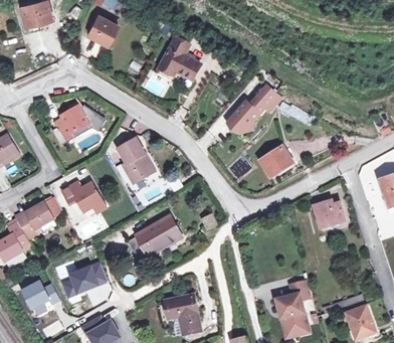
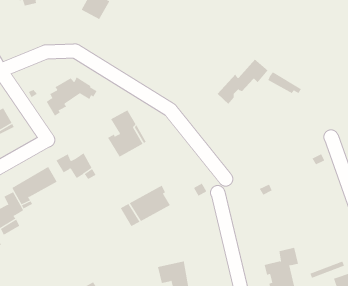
building: [158,38,199,79] -> none
building: [259,147,290,176] -> none
building: [313,199,345,227] -> none
building: [63,264,107,297] -> none
building: [21,281,59,309] -> none

